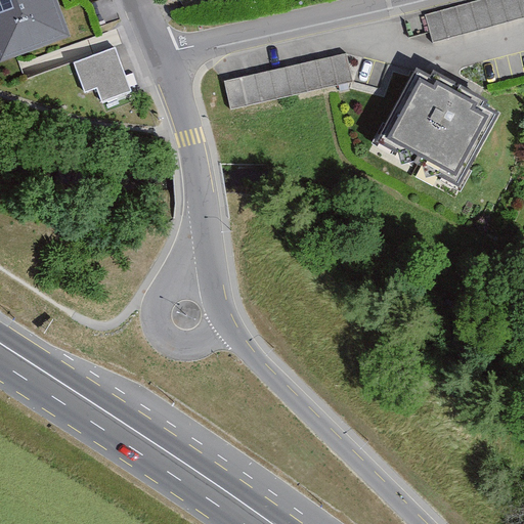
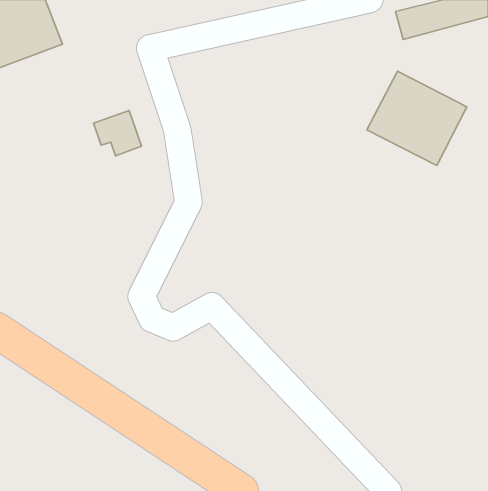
building: [78,48,129,96] -> [93,111,142,156]
building: [221,51,349,107] -> none

